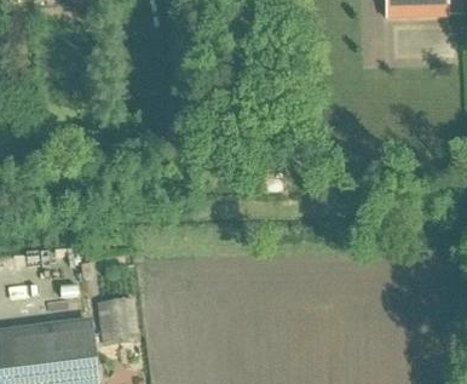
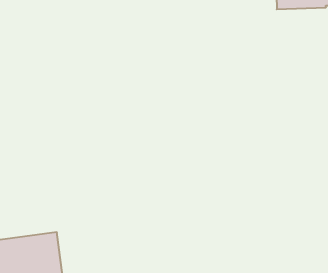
building: [97,294,139,344] -> none

